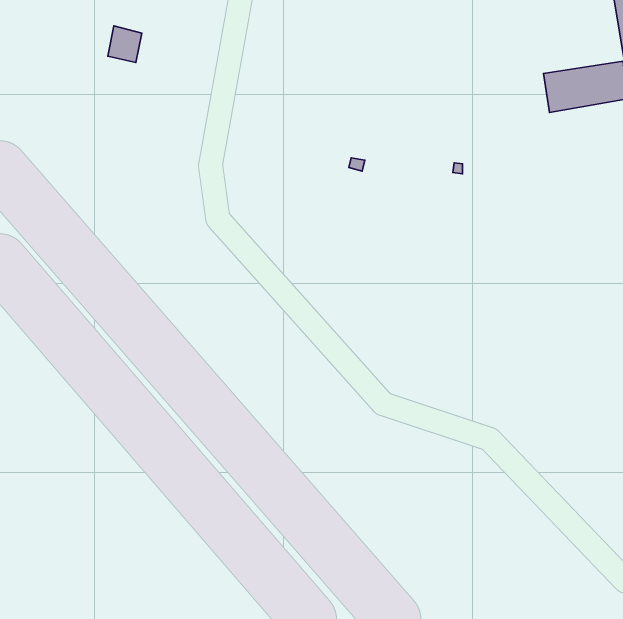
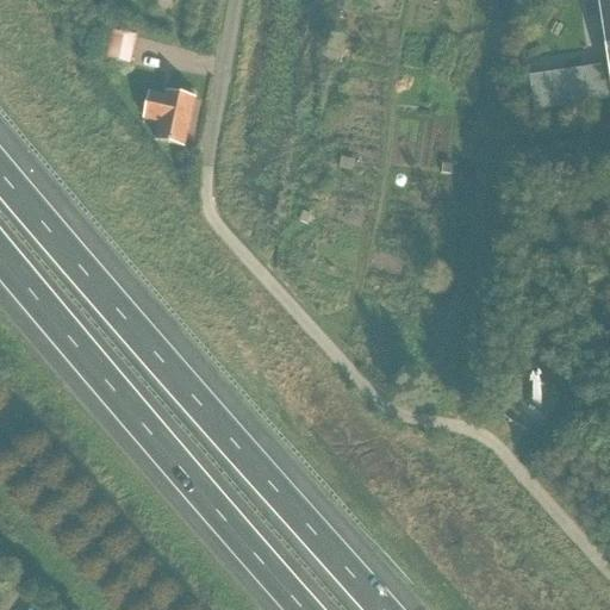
building: none -> [147,87,198,142]

